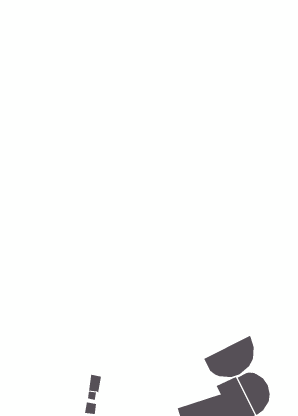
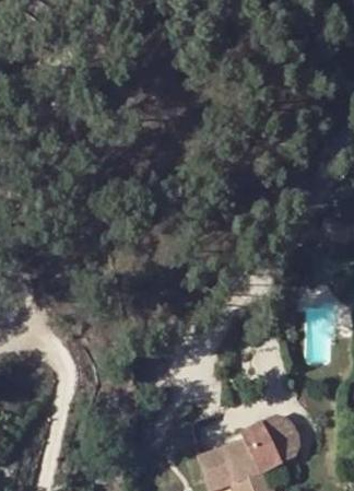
building: [203,335,254,378] -> none

